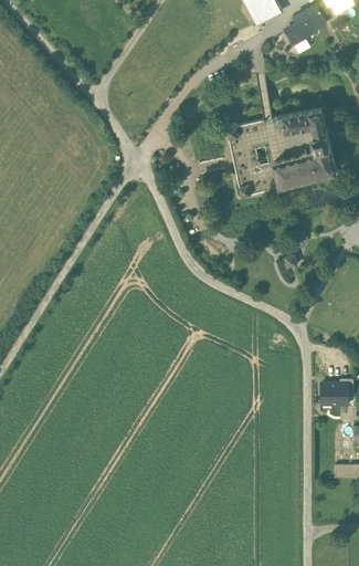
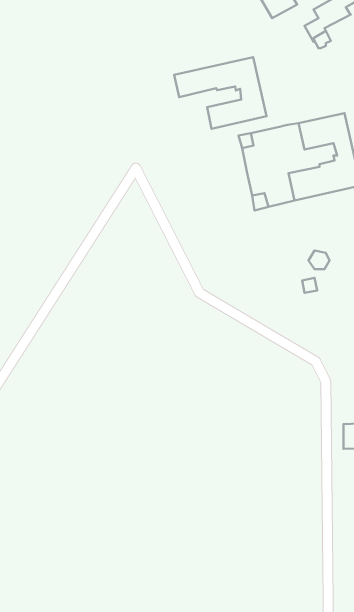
building: none -> [174,57,266,129]

